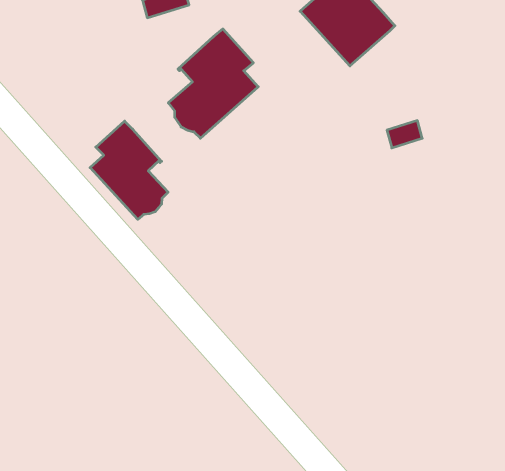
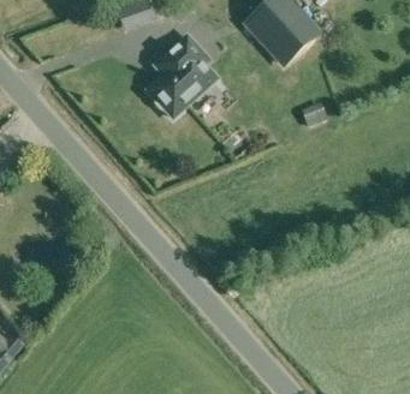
building: [90,121,168,219] -> none

